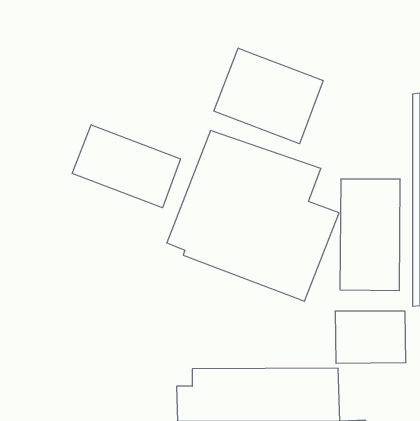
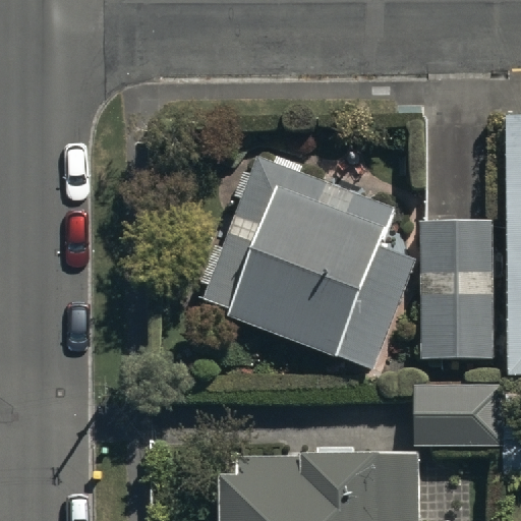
building: [214,48,323,144] -> none
building: [72,125,181,208] -> none

